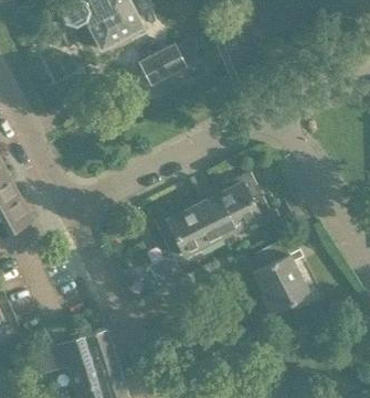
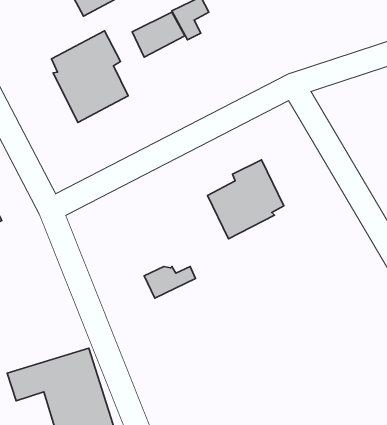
building: none -> [51,31,128,122]
building: [156,201,224,256] -> none
building: [254,230,315,313] -> none

